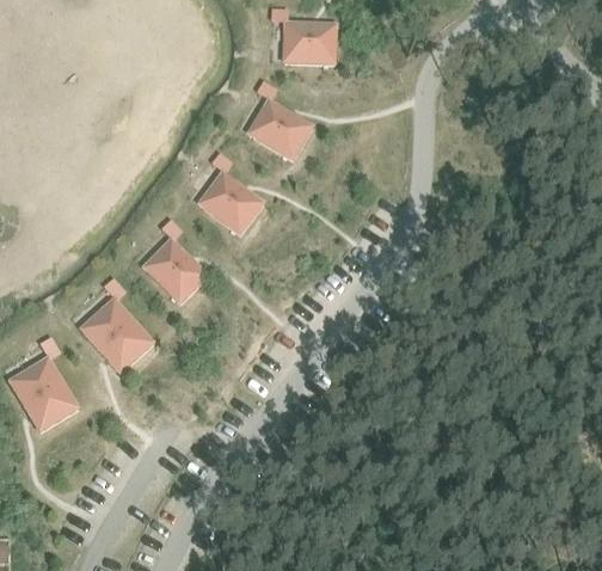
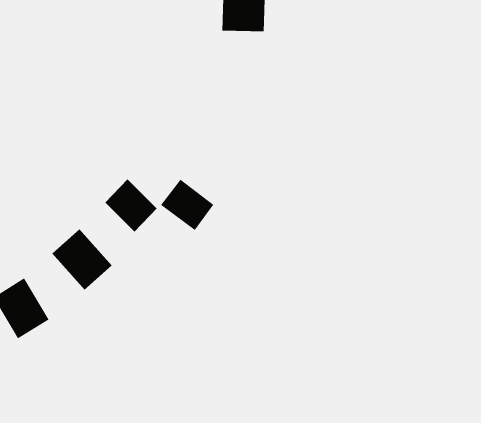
building: [248,99,312,159] -> none
building: [198,171,263,233] -> [160,179,214,231]

